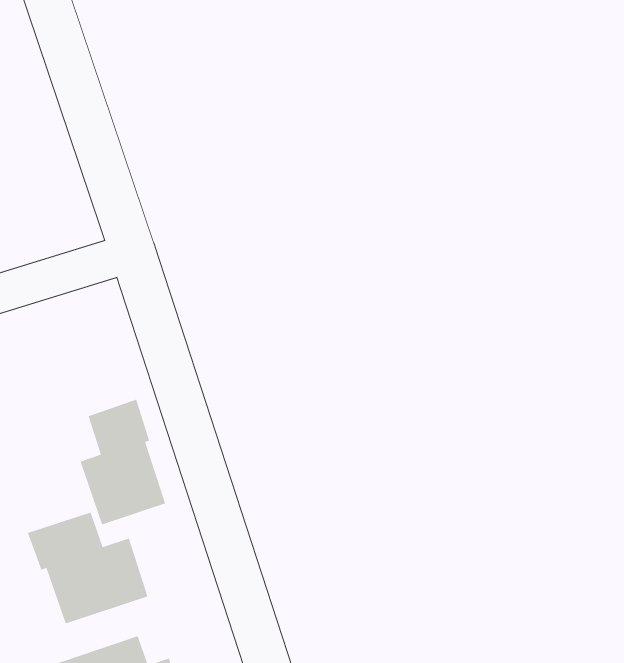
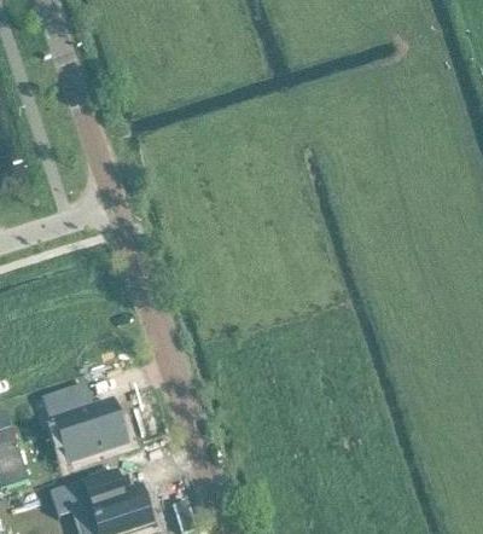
building: [80,399,166,526] -> none

